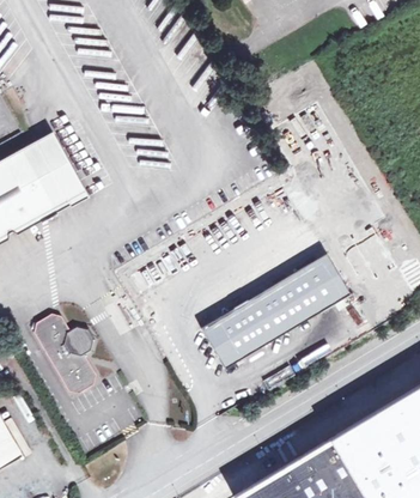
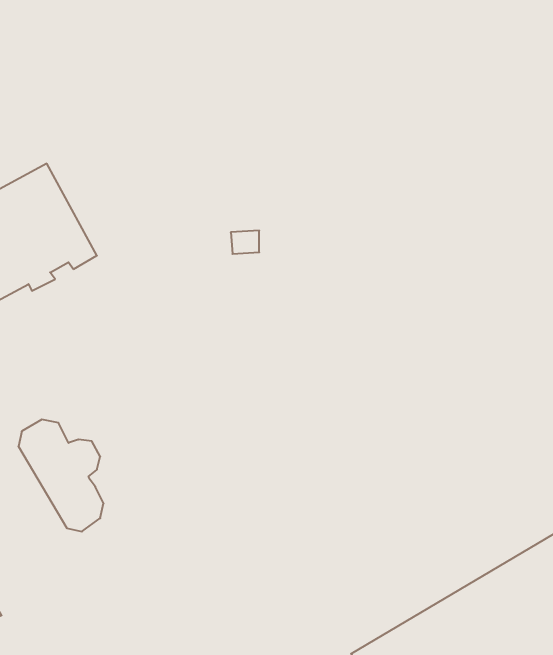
building: [201,249,354,366] -> none

